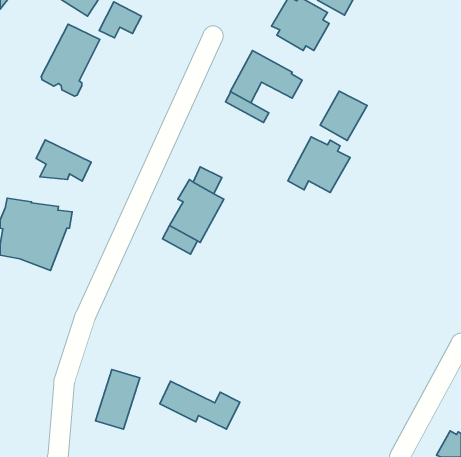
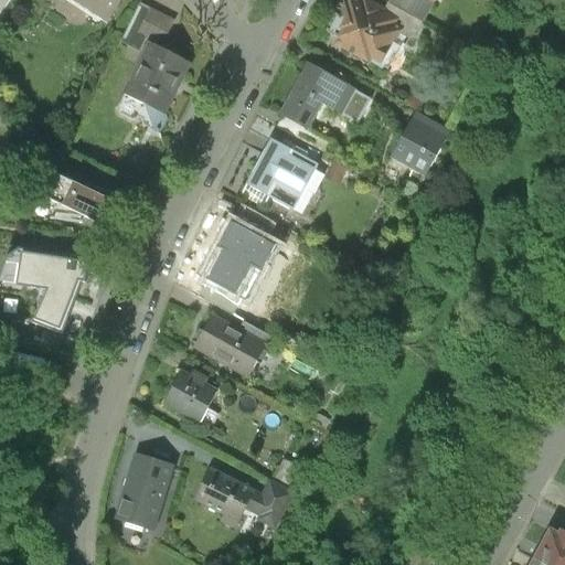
building: [41,24,100,96] -> [117,41,189,129]
building: [288,137,350,193] -> [242,137,318,205]
building: none -> [195,312,266,372]
building: none -> [162,362,214,420]

